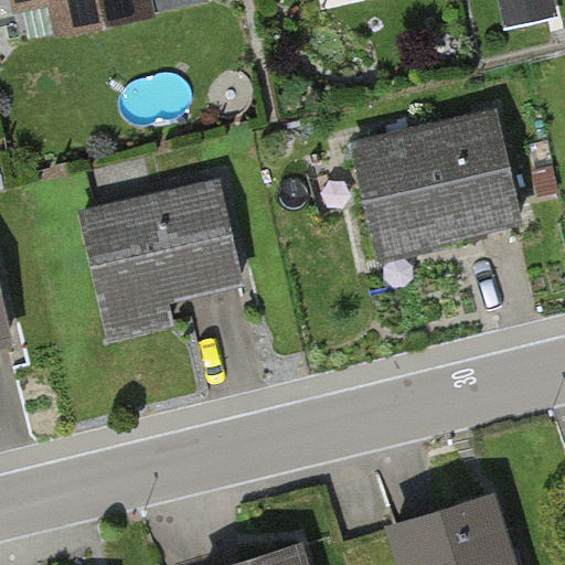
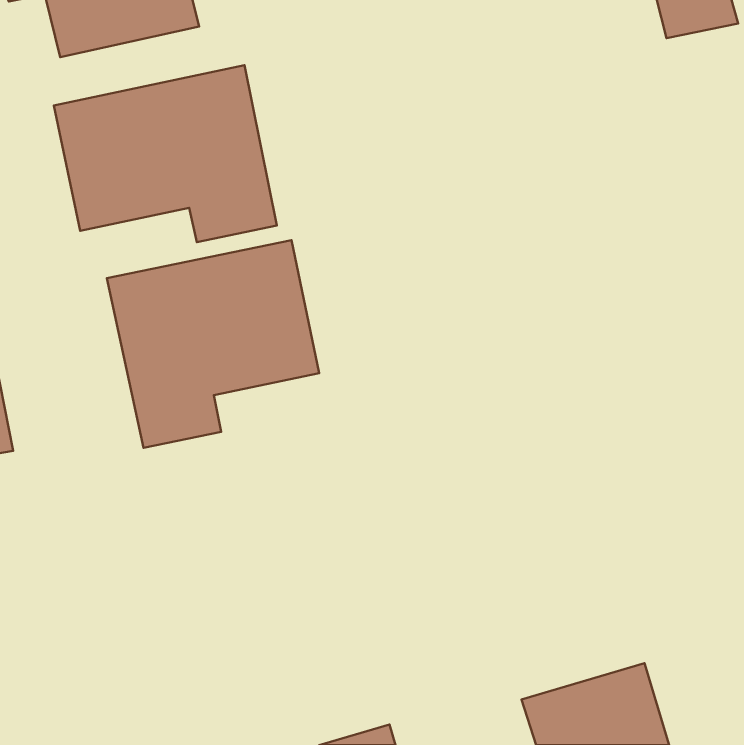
building: none -> [54,65,277,242]
building: [354,118,516,247] -> none

